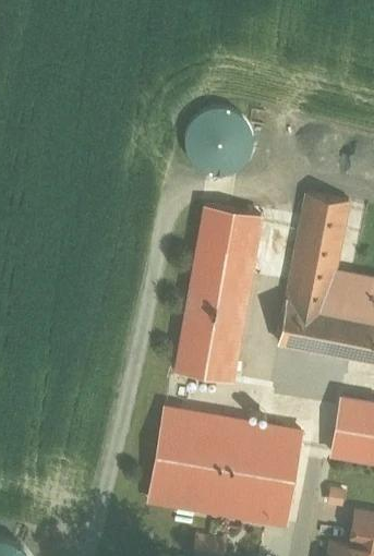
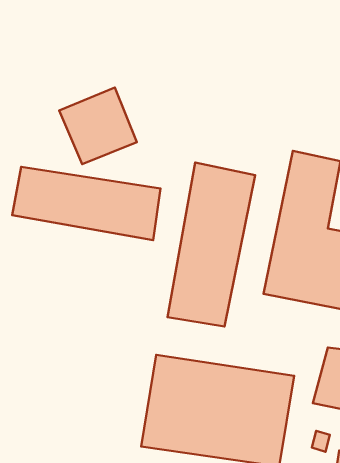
building: [177,101,257,181] -> [59,87,137,164]
building: none -> [12,167,160,240]

